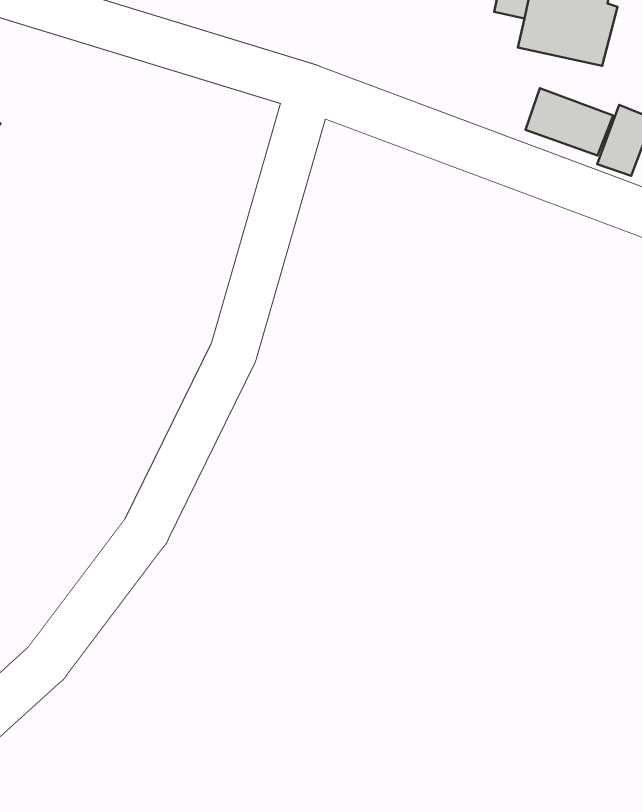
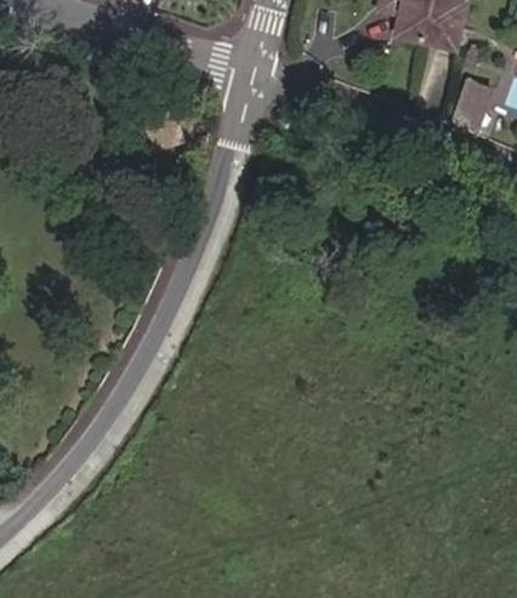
building: [526,88,613,156] -> none

